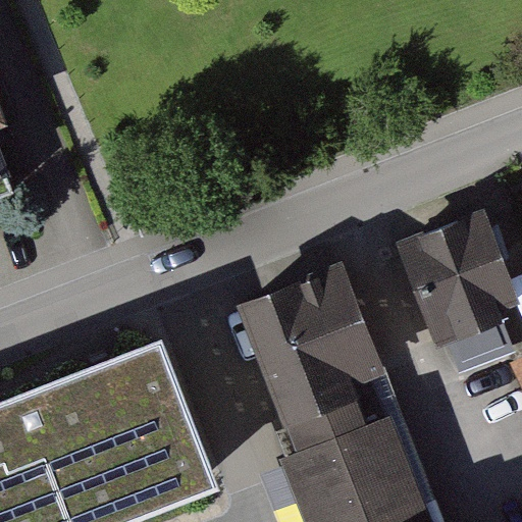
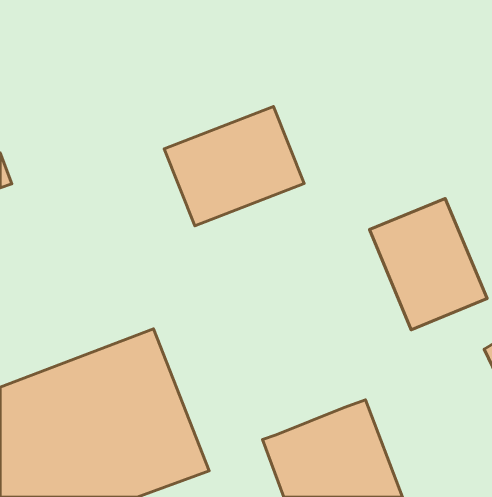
building: none -> [164,106,304,226]
building: [238,267,383,456] -> none

